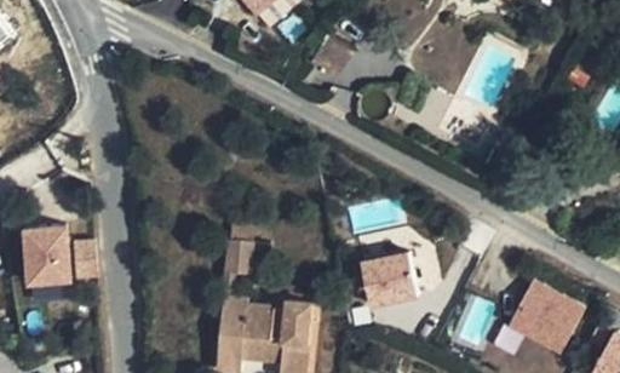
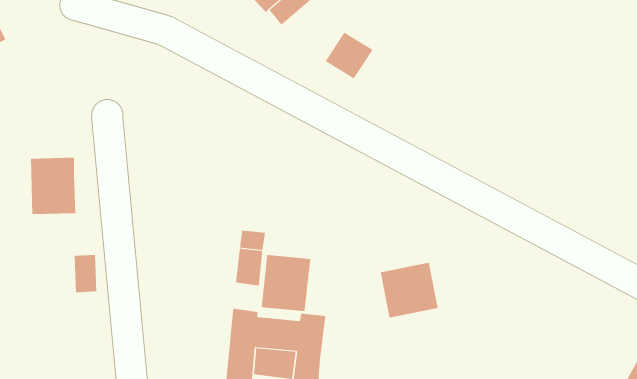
building: [24,226,68,281] -> [30,157,76,215]
building: none -> [261,254,311,312]
building: [507,280,584,354] -> none

